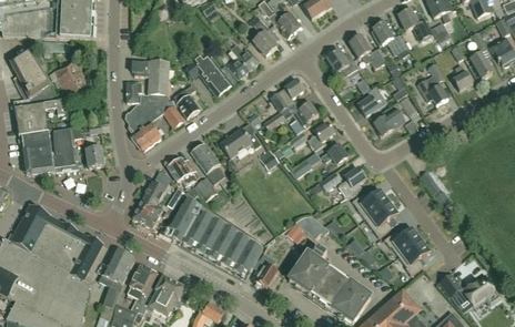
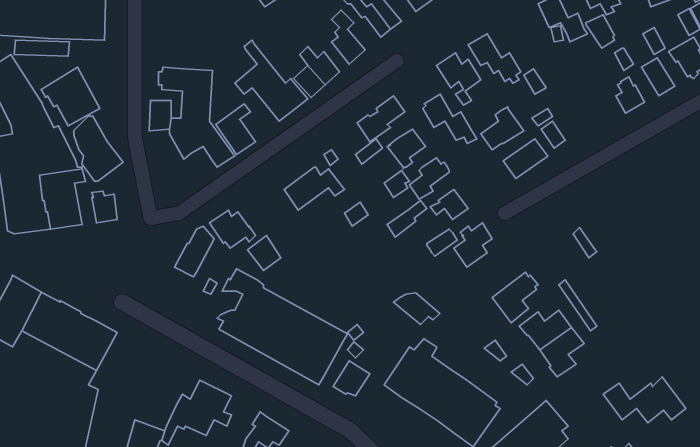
building: [372,22,410,57] -> [423,94,477,143]
building: [417,63,447,105] -> none
building: [127,105,161,151] -> [74,116,123,181]
building: [191,145,234,195] -> none
building: [352,191,388,219] -> none
building: [133,198,163,228] -> none
building: [97,249,132,309] -> none
building: [127,264,155,313] -> none

